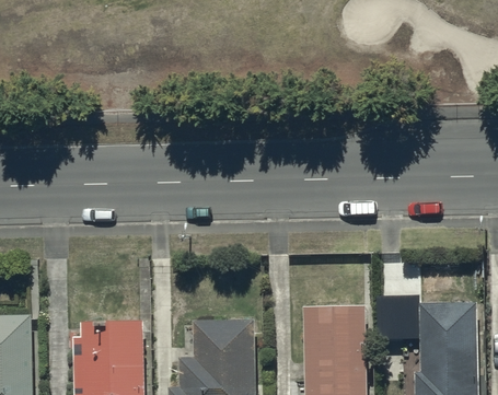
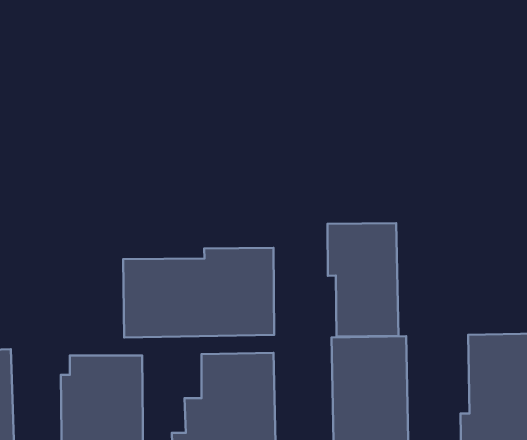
building: none -> [327,223,398,337]
building: none -> [123,248,274,337]

